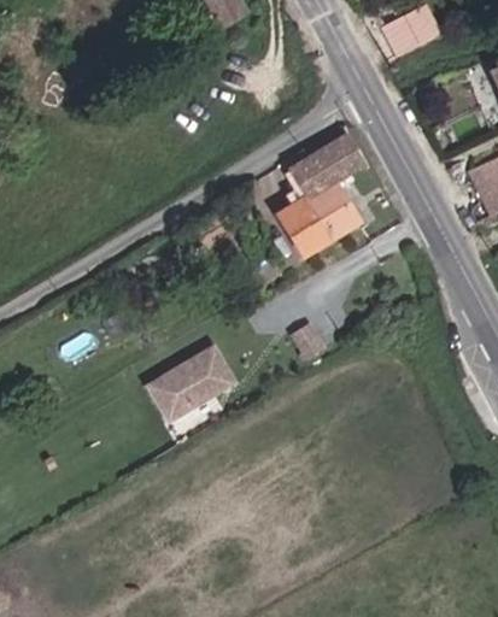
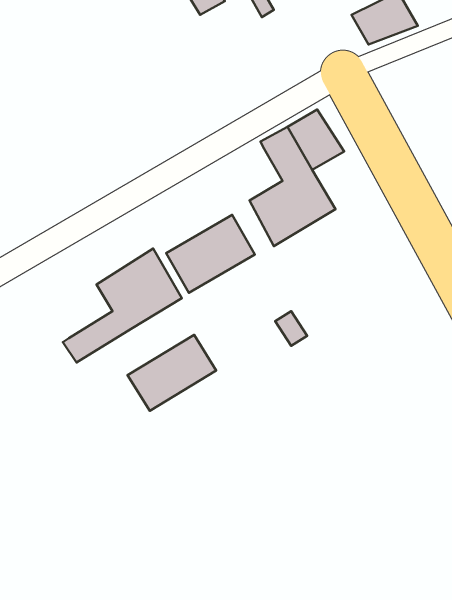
building: none -> [166,215,255,293]
building: none -> [63,249,182,363]

